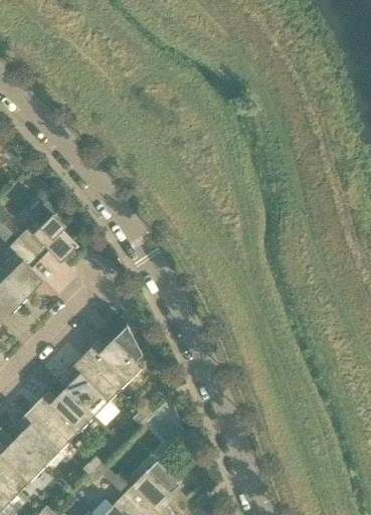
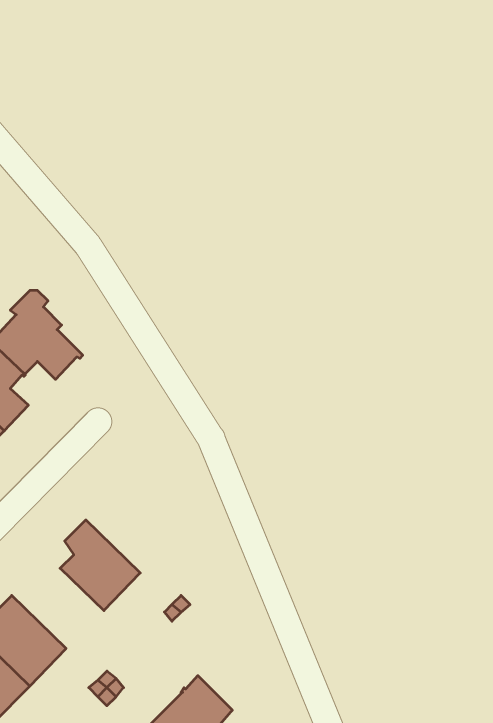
building: [80,323,143,392] -> none
building: [31,389,92,443] -> none

